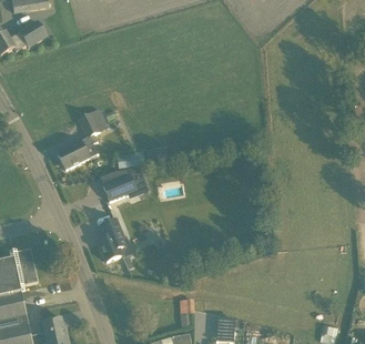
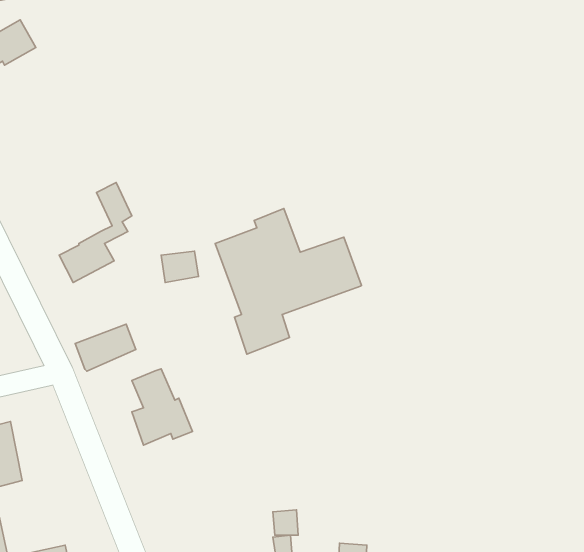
building: none -> [215,209,362,354]
building: [102,174,136,201] -> [75,324,136,371]

